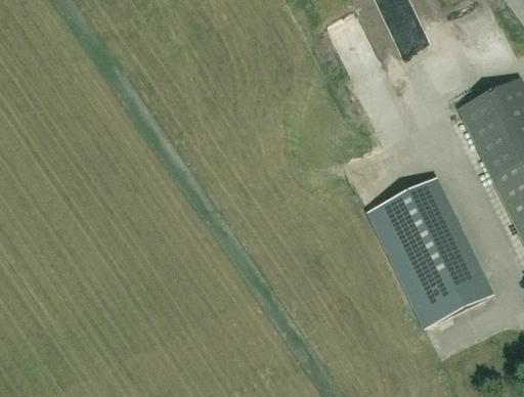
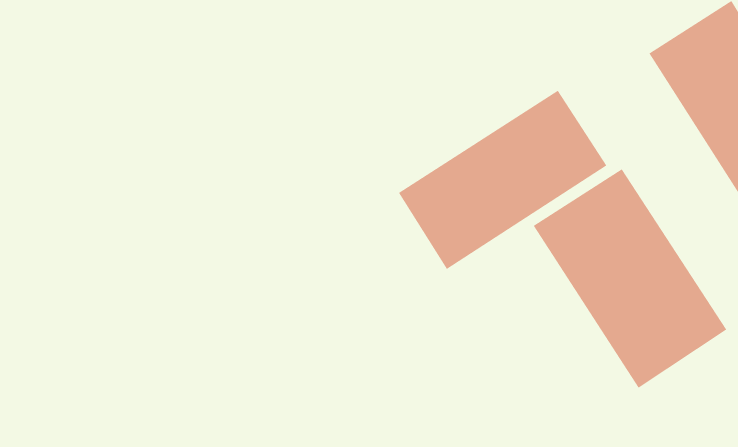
building: none -> [398,90,607,270]

